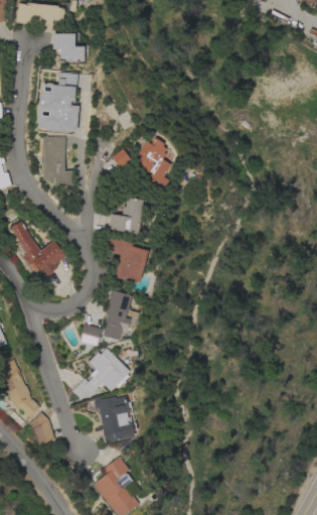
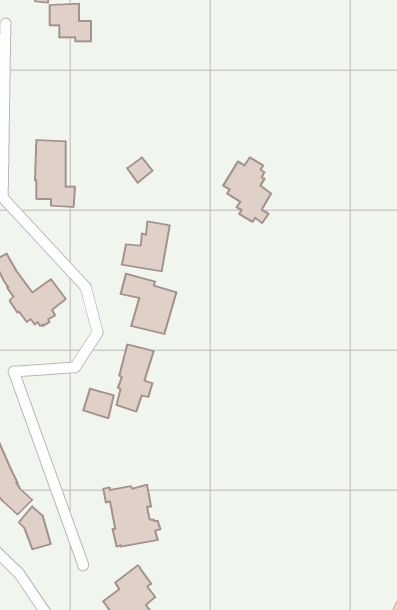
building: [38,73,80,133] -> none
building: [135,138,171,187] -> [223,158,271,223]
building: [71,349,130,400] -> none

